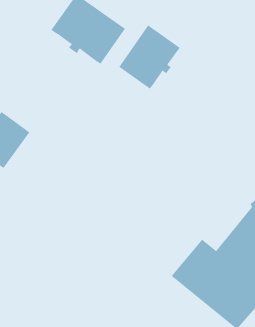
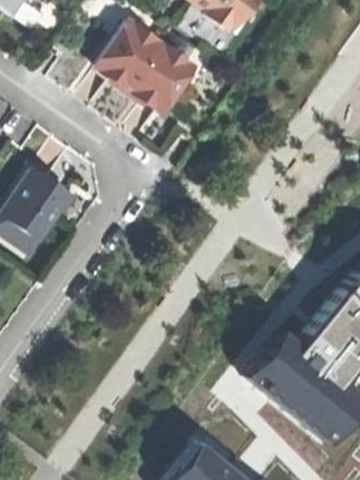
building: [119,25,181,90] -> none

